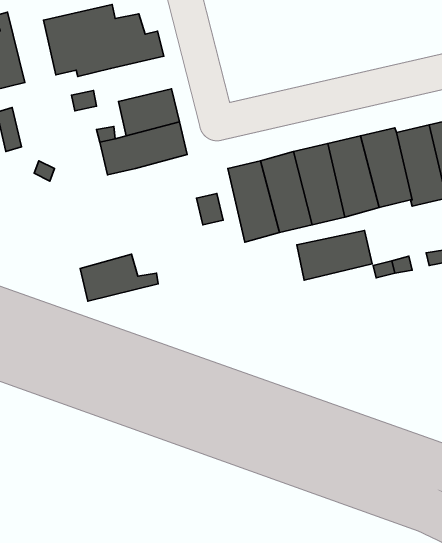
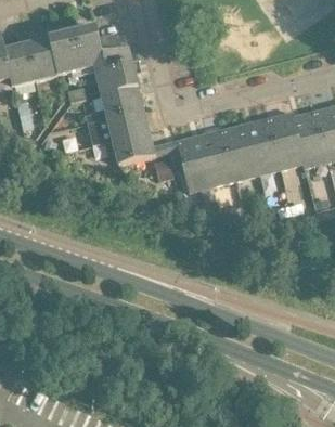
building: none -> [23,29,56,80]
building: none -> [94,62,137,93]
building: [297,231,372,280] -> none
building: [80,254,158,301] -> [112,130,166,163]

